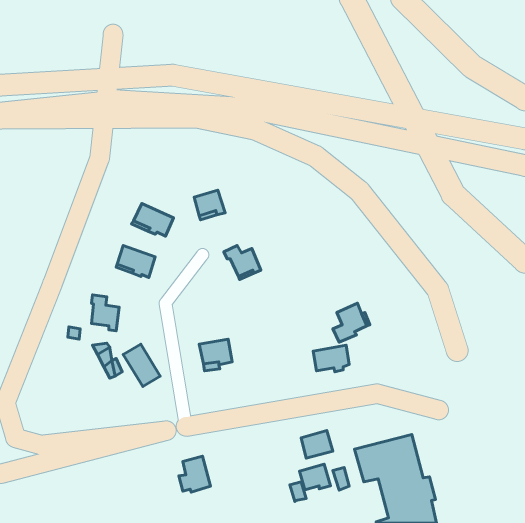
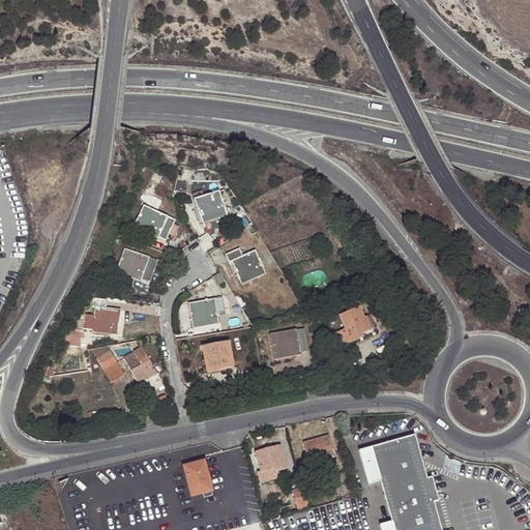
building: none -> [189,297,226,323]
building: [313,345,349,372] -> [271,328,307,355]
building: [300,464,330,490] -> [256,444,287,470]

